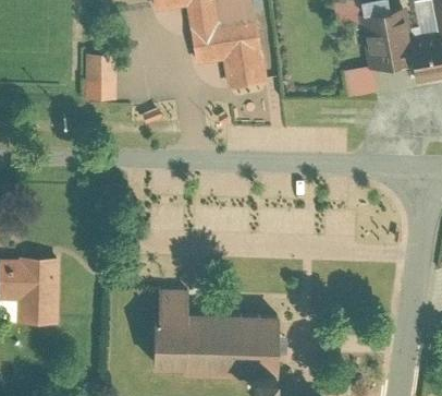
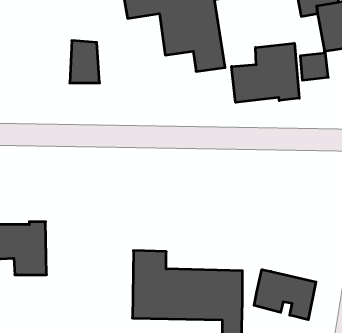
building: none -> [232,43,299,102]
building: none -> [254,270,316,320]

